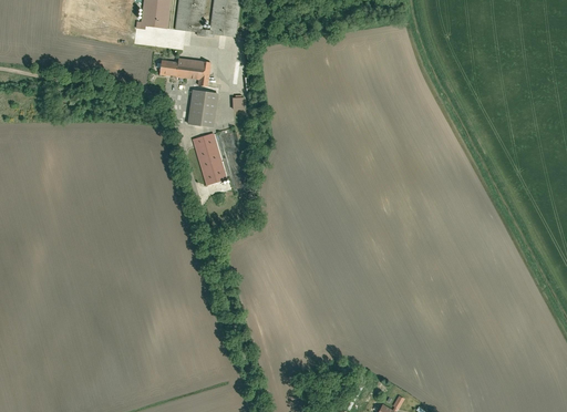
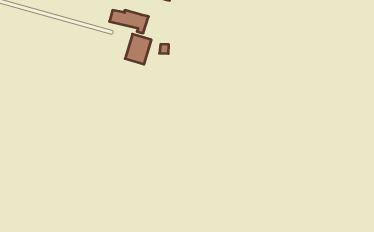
building: [193,132,227,185] -> none

